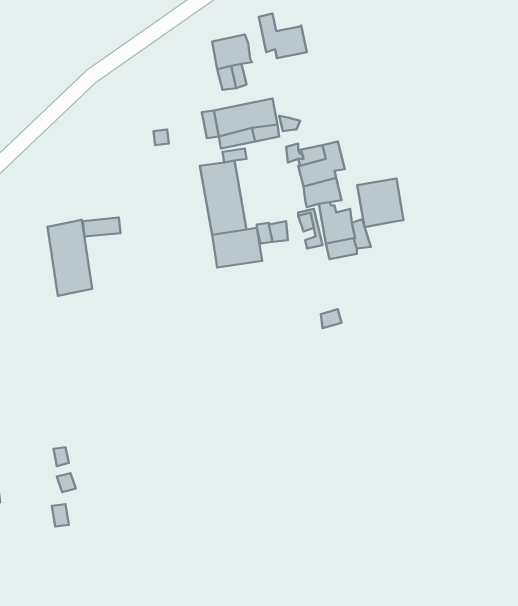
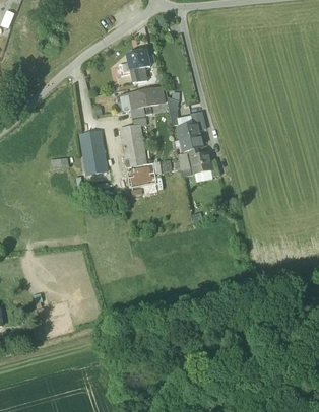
building: [259,13,307,58] -> none
building: [357,178,404,227] -> none
building: [47,220,92,296] -> [80,130,107,175]

